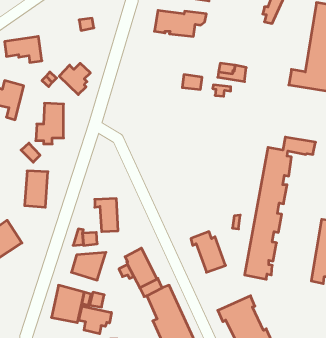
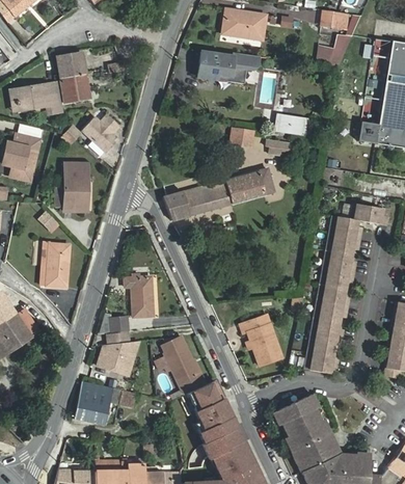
building: none -> [57,51,90,102]
building: none -> [163,168,271,220]
building: [79,306,111,334] -> none

